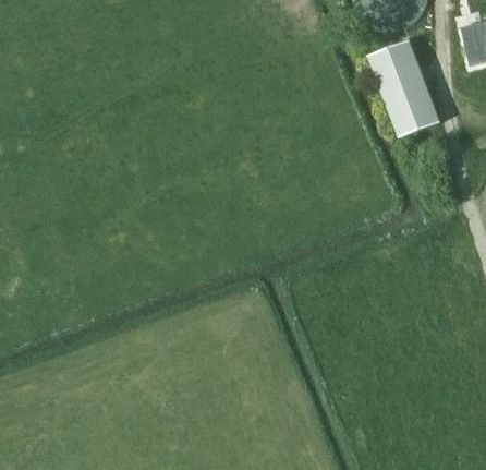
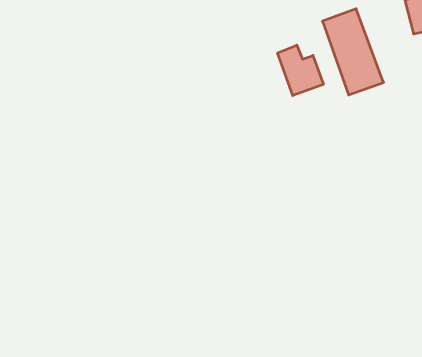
building: none -> [278,45,323,96]

